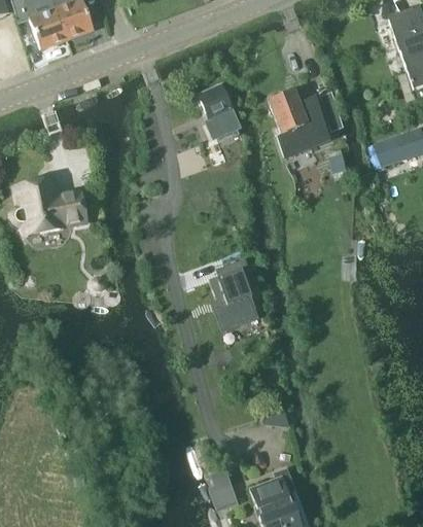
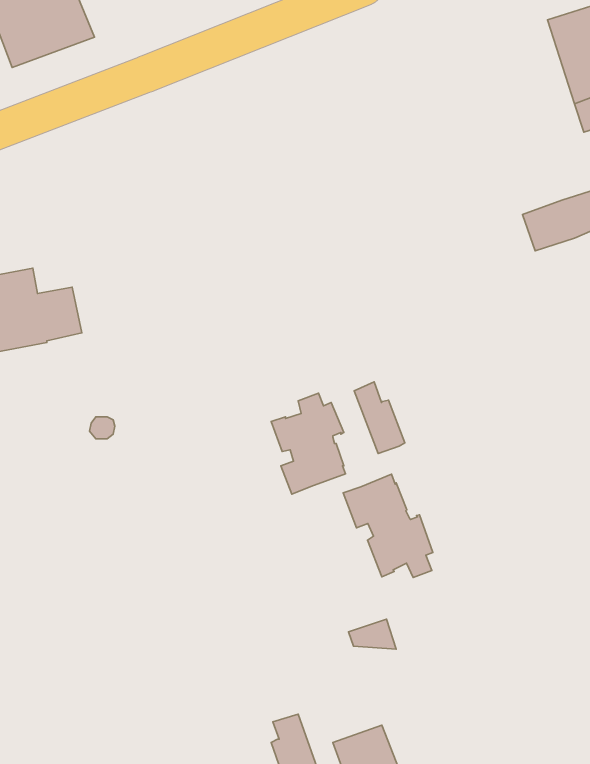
building: [198,84,240,138] -> none
building: [270,91,329,157] -> none
building: none -> [354,382,405,454]
building: none -> [343,474,433,578]

